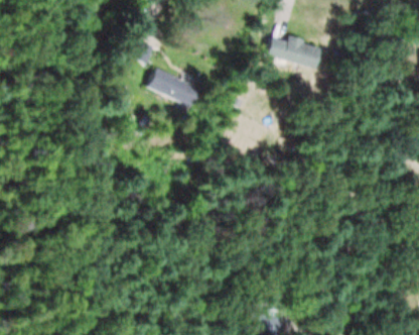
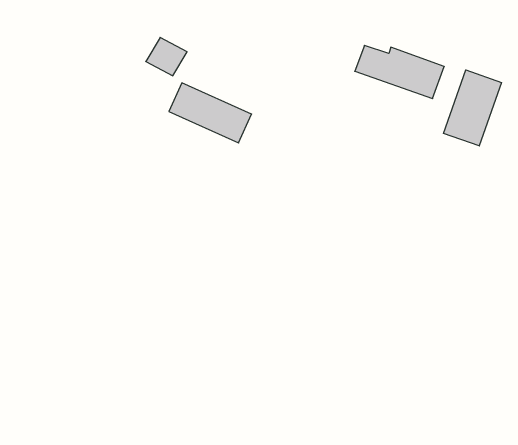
building: none -> [443,70,502,146]

